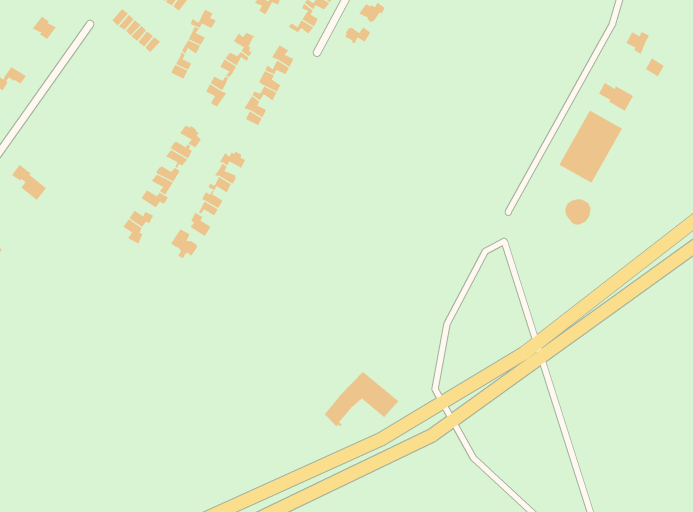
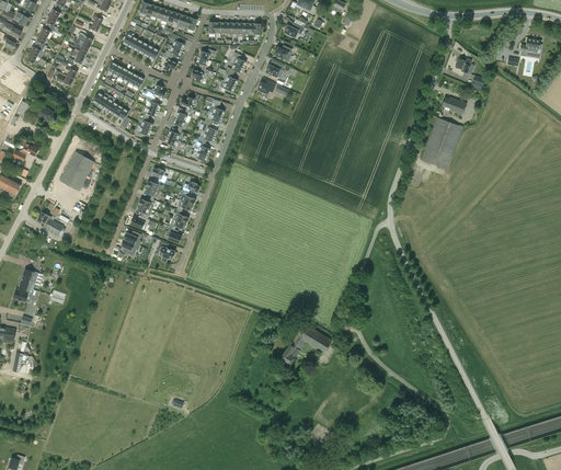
building: none -> [58,151,94,191]

